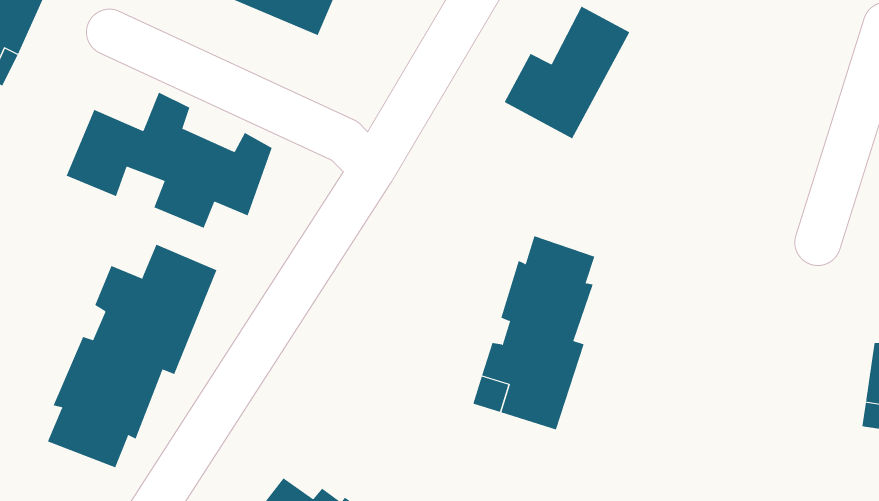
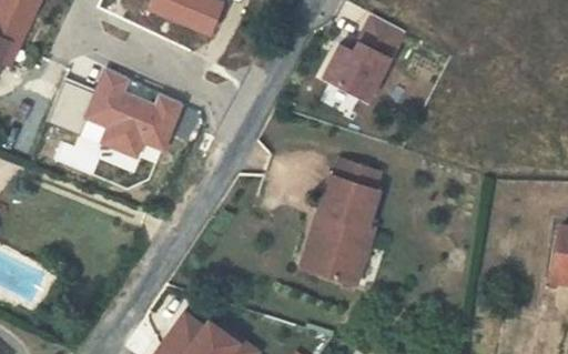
building: [47,244,217,468] -> none

